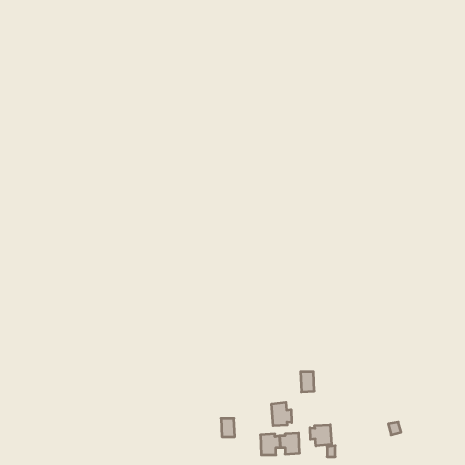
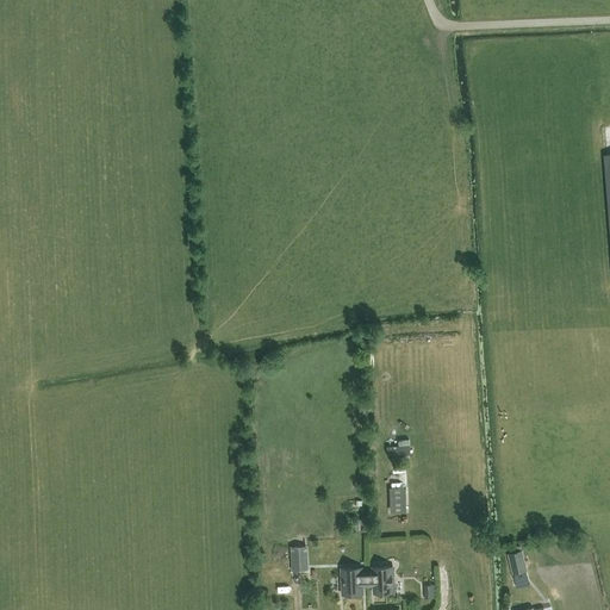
building: [272,402,292,426] -> none
building: [310,425,331,446] -> none

